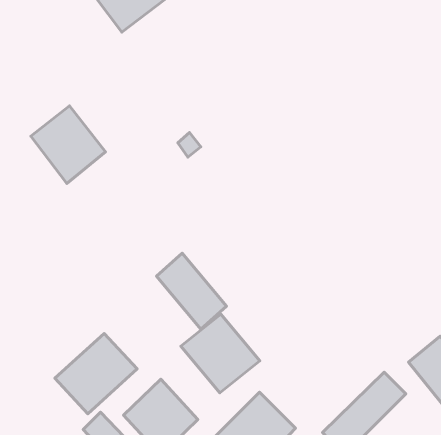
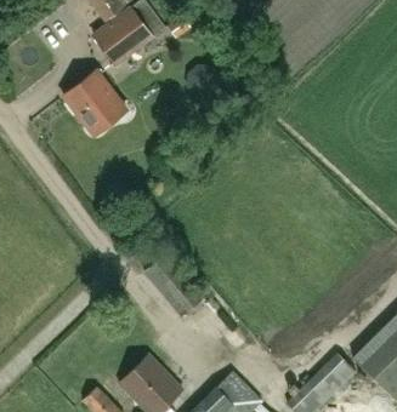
building: [31,106,105,183] -> [63,70,126,136]
building: [181,314,260,393] -> none
building: [55,333,137,414] -> none

